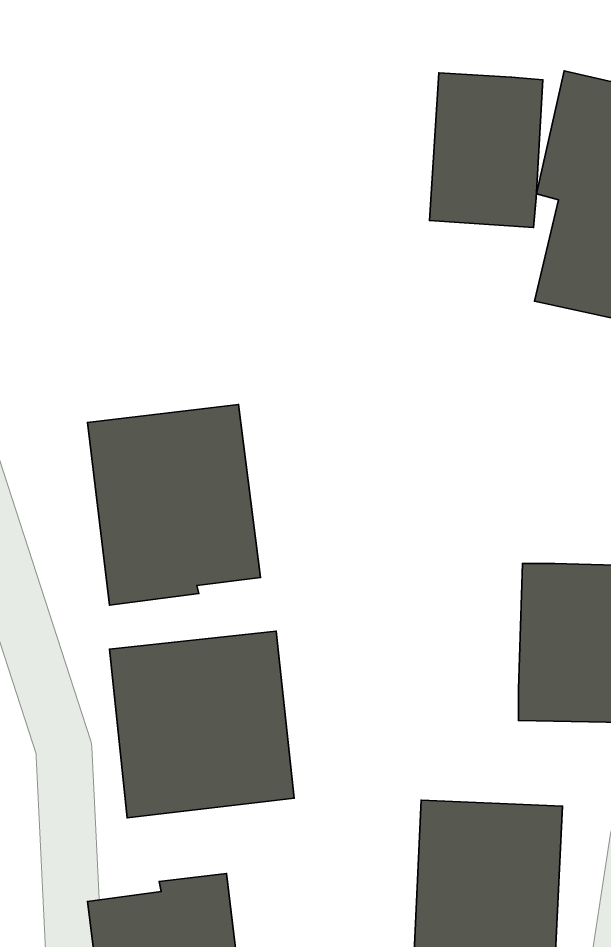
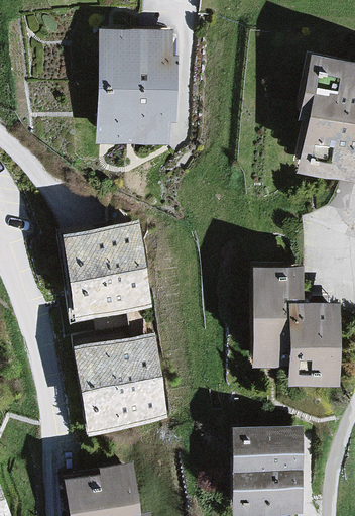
building: none -> [96,38,183,156]
building: [429,73,543,228] -> none
building: none -> [245,265,302,365]

